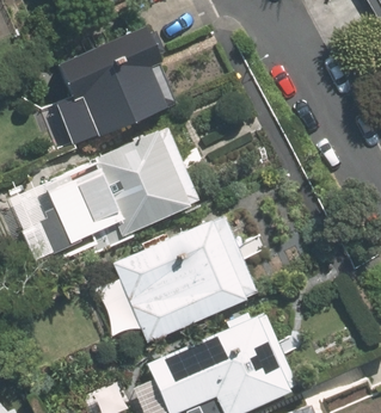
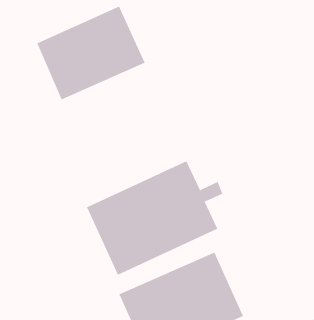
building: [50,129,193,242] -> none

